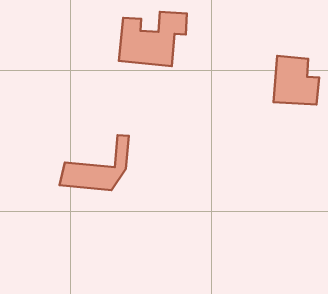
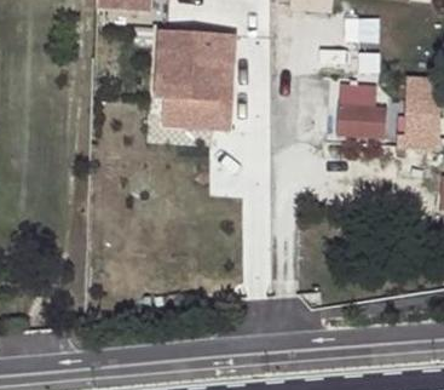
building: [59,135,129,190] -> [151,59,231,126]

